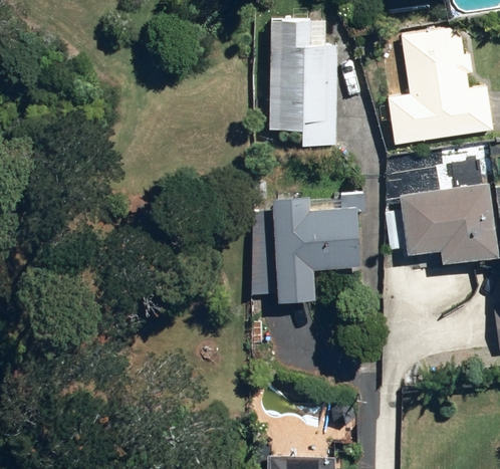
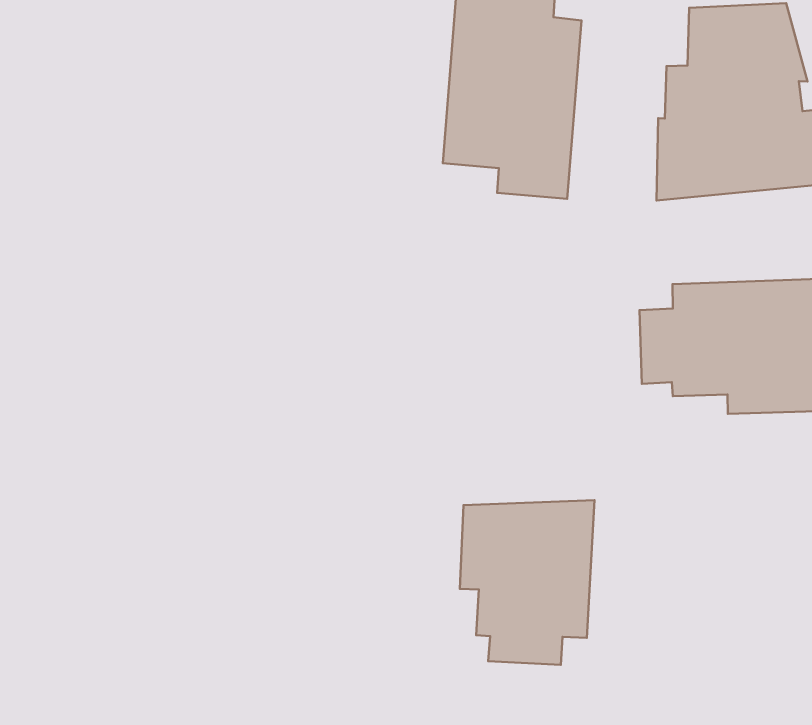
building: [255,192,366,303] -> none
building: none -> [460,500,594,665]

